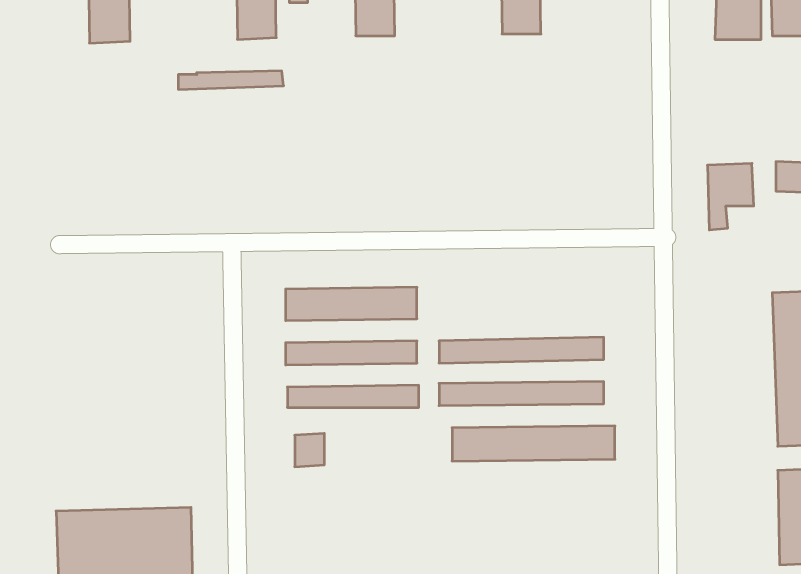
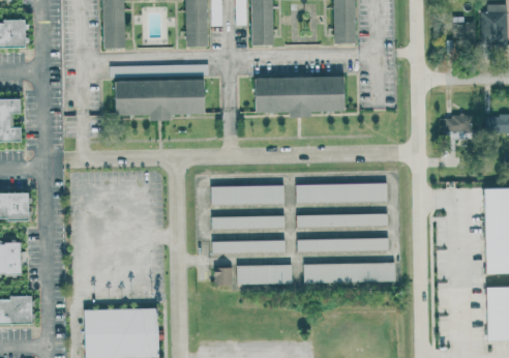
building: none -> [253,77,343,118]
building: none -> [114,79,205,121]
building: none -> [297,183,389,203]
building: none -> [238,265,294,285]

